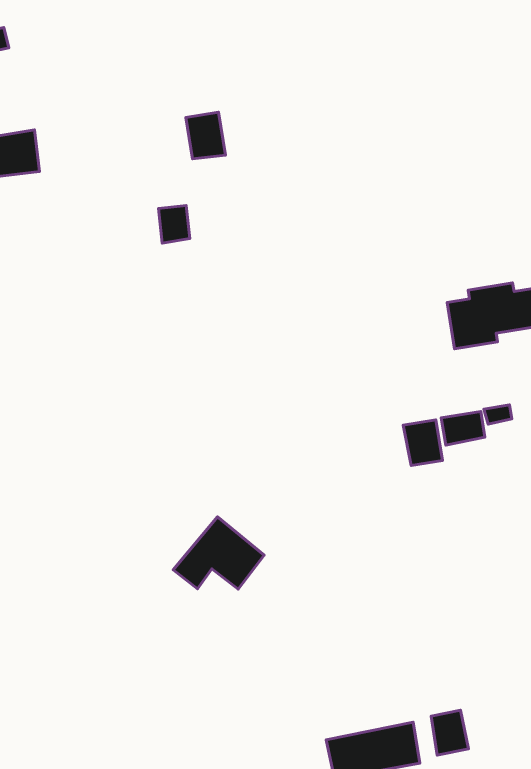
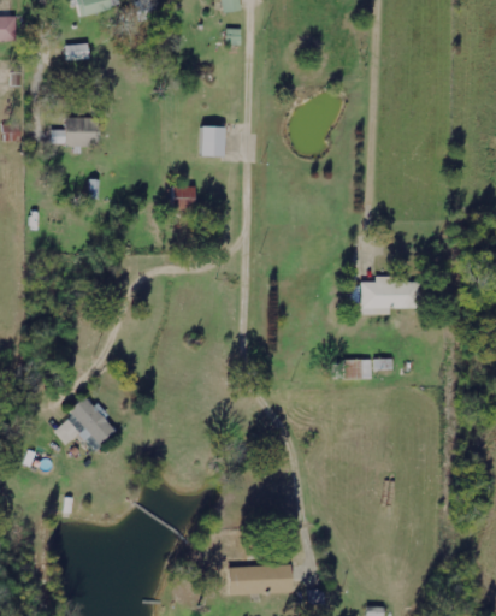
building: [403,420,442,466] -> none
building: [173,517,264,589] -> [52,398,116,450]
building: [431,710,468,755] -> none

